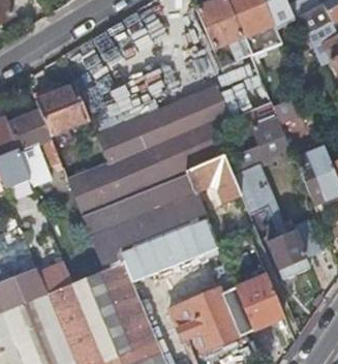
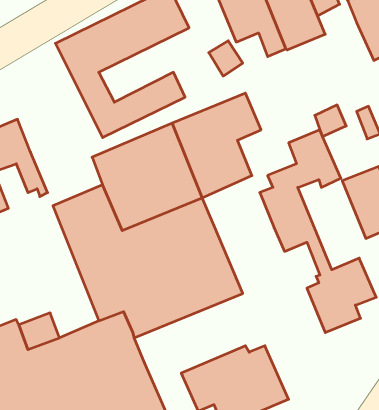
building: [33,86,88,135] -> none
building: [184,154,241,203] -> none
building: [234,275,283,331] -> none

